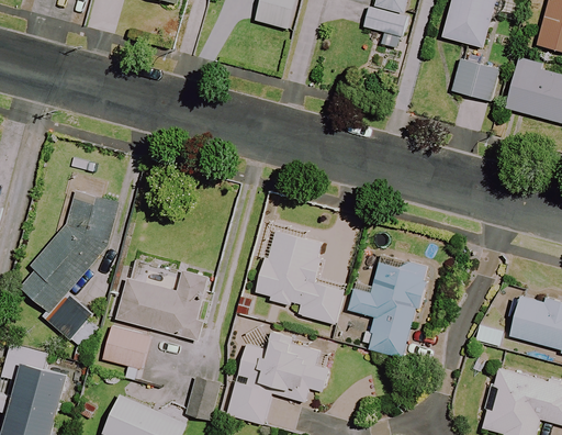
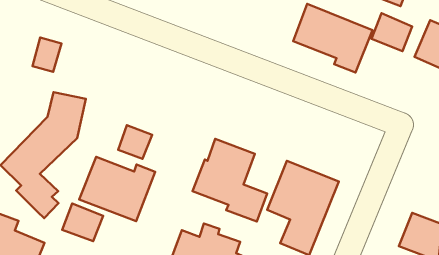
building: none -> [293,4,372,72]
building: none -> [32,37,61,72]
building: none -> [118,125,152,159]

